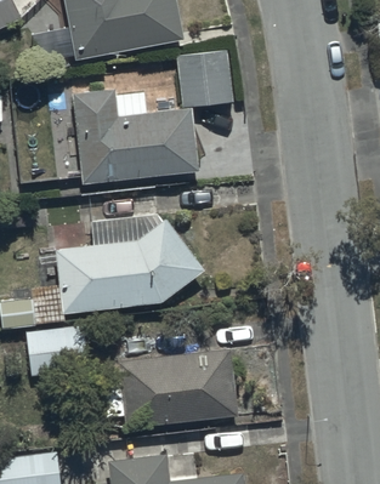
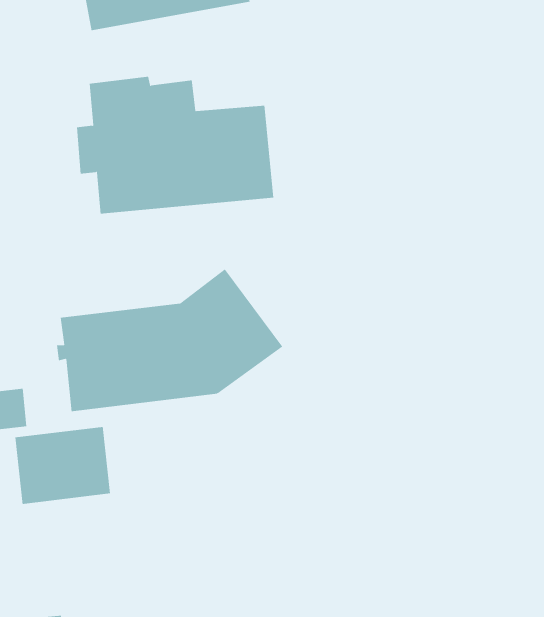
building: [176,50,232,107] -> none
building: [98,348,238,427] -> none

